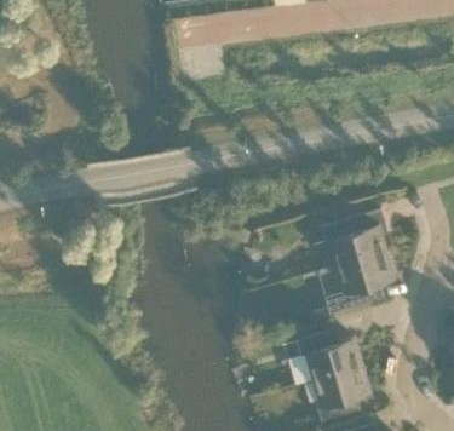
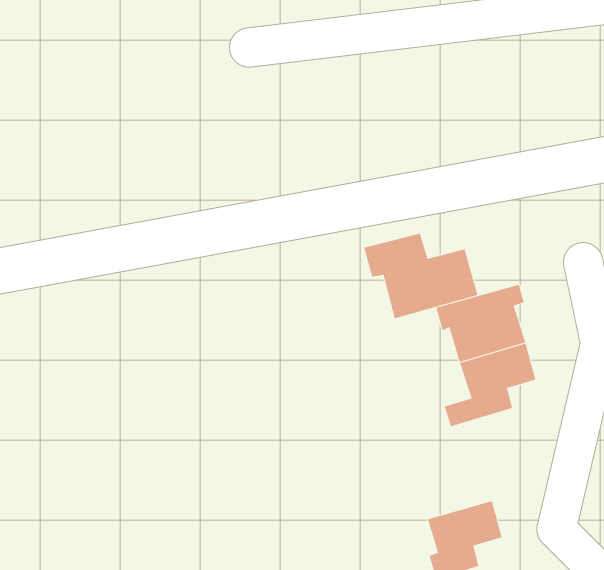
building: none -> [363,233,478,319]
building: [298,333,363,381] -> none

